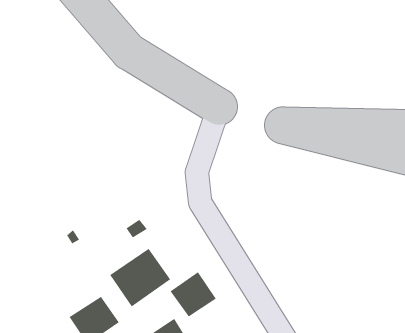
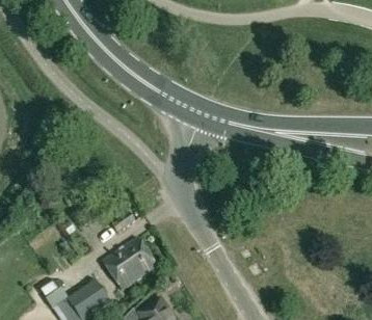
building: [169,271,217,318] -> none

